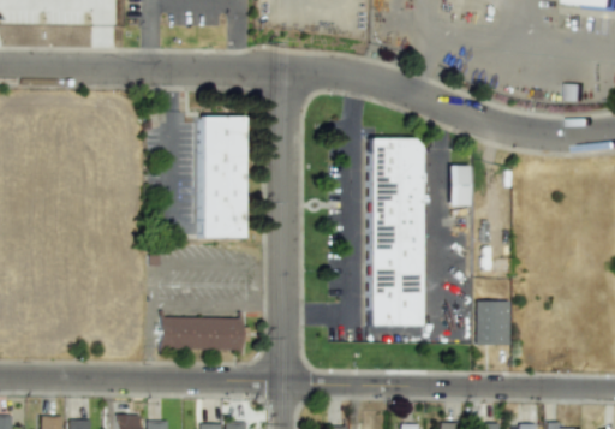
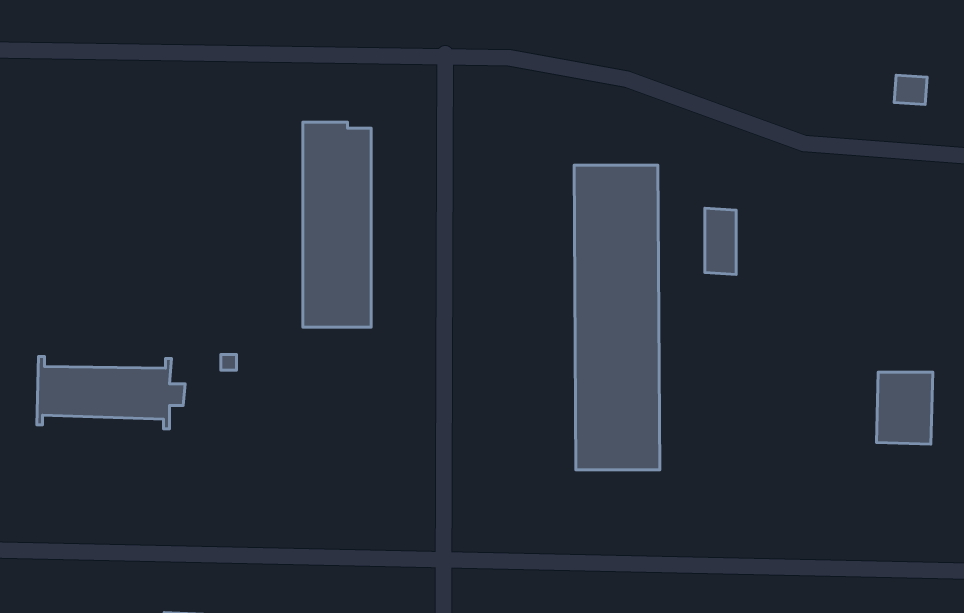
building: [477,300,512,345] -> [876,372,933,444]
building: [161,310,252,354] -> [37,357,185,429]

